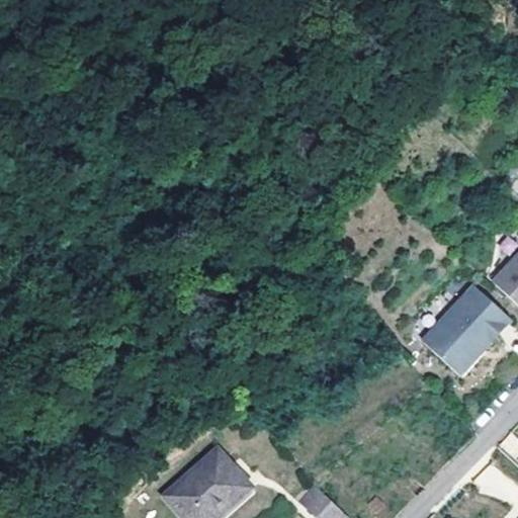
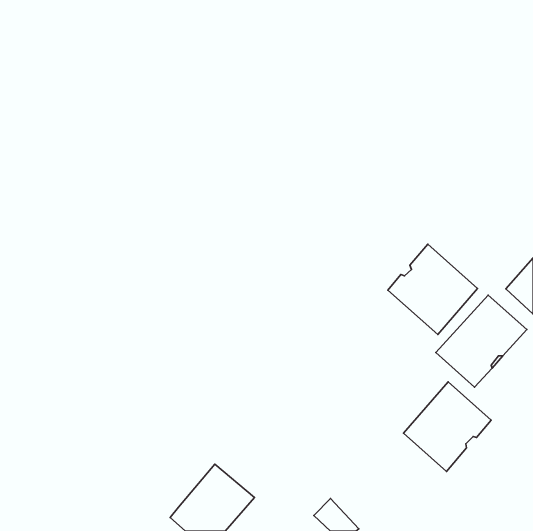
building: none -> [388,244,478,335]
building: none -> [403,382,491,472]

